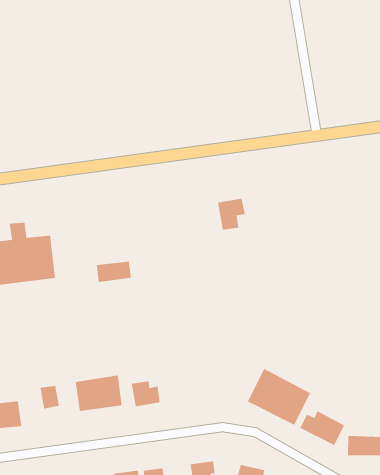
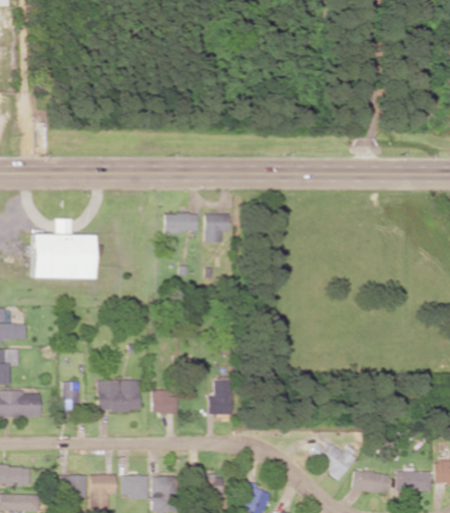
building: [217,198,246,230] -> [204,213,231,242]
building: [96,261,132,283] -> [164,213,197,231]
building: none -> [208,381,234,415]
building: [247,368,311,426] -> none

